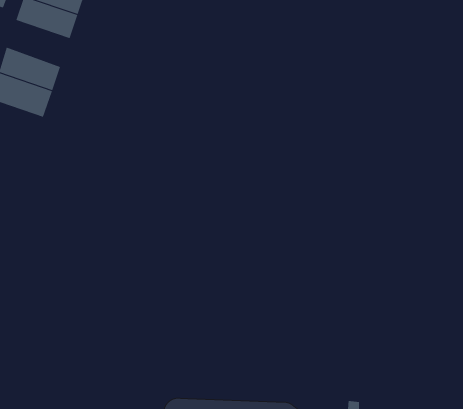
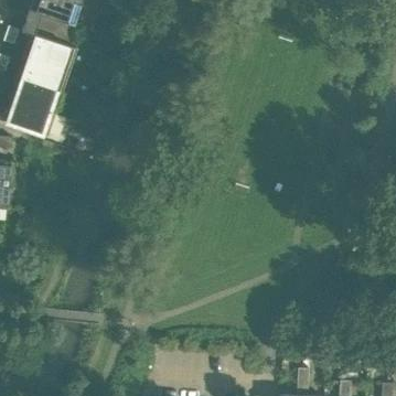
building: none -> [17,55,69,94]

